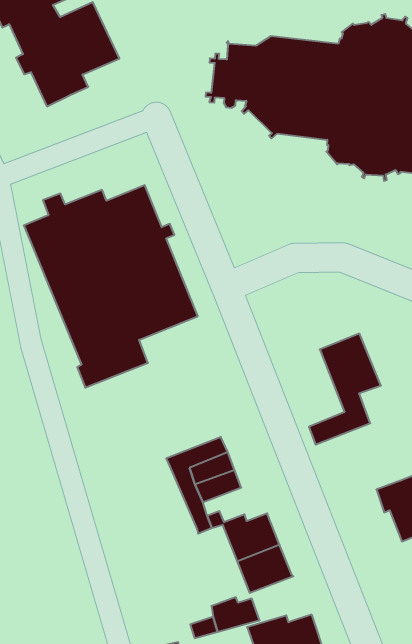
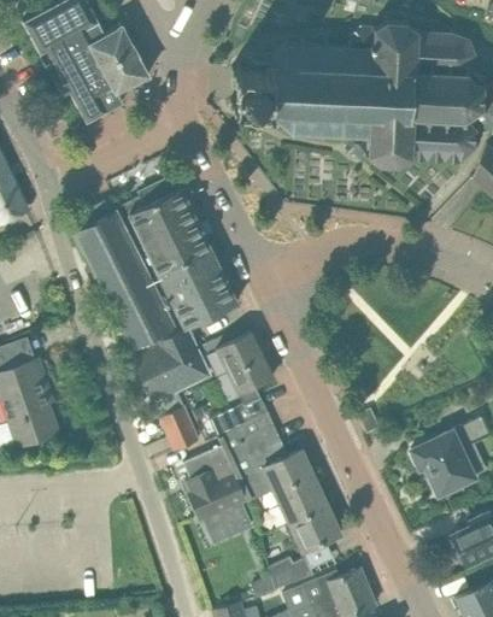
building: [309,334,381,445] -> [211,333,274,436]
building: none -> [140,351,207,452]
building: none -> [182,446,251,536]
building: none -> [254,451,313,490]

